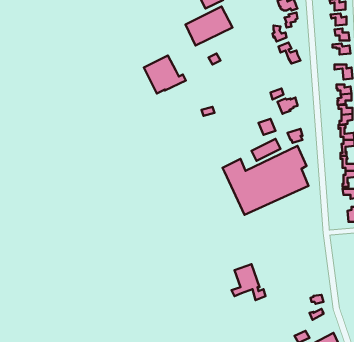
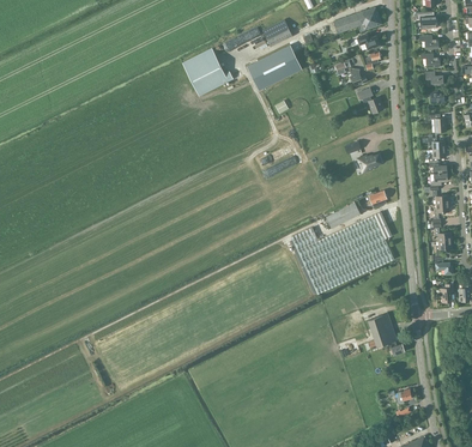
building: [144,55,186,93] -> [183,48,234,93]
building: [231,264,265,300] -> [364,312,405,355]

